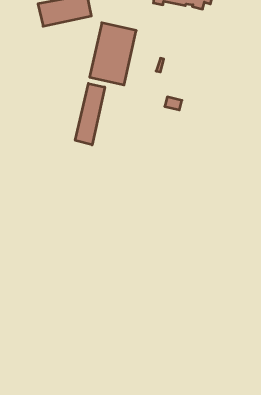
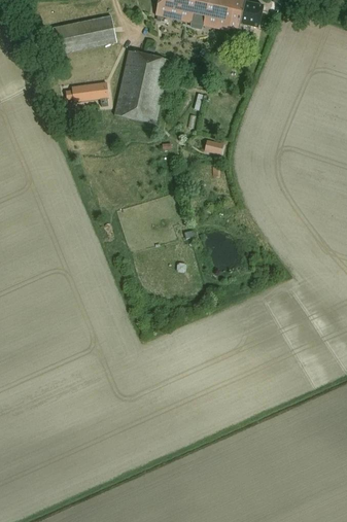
building: none -> [71,80,108,102]
building: [75,83,105,145] -> none

